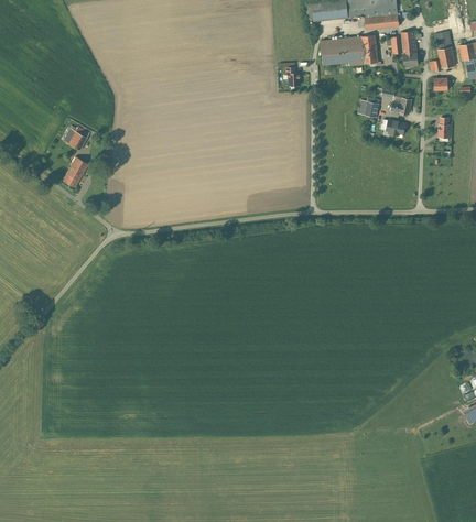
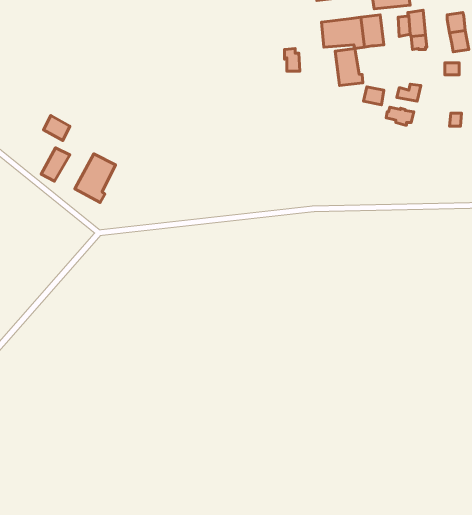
building: none -> [335,48,363,86]
building: none -> [75,154,116,203]

